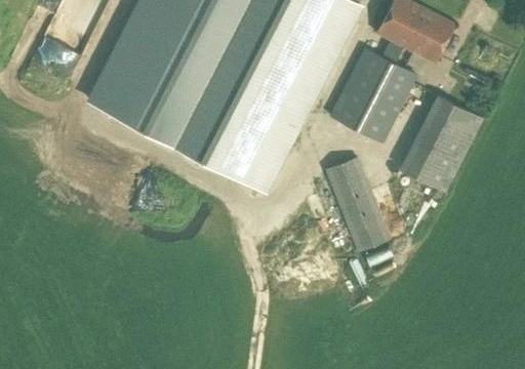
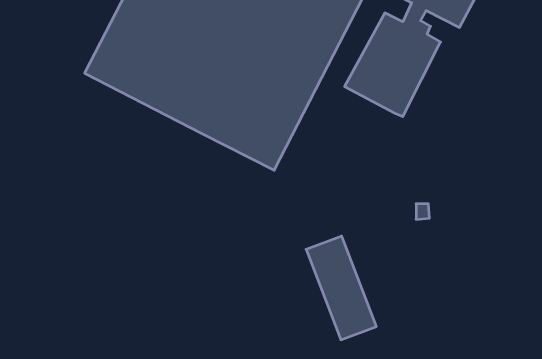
building: [398,96,482,194] -> none
building: [324,158,389,253] -> [306,236,376,340]

